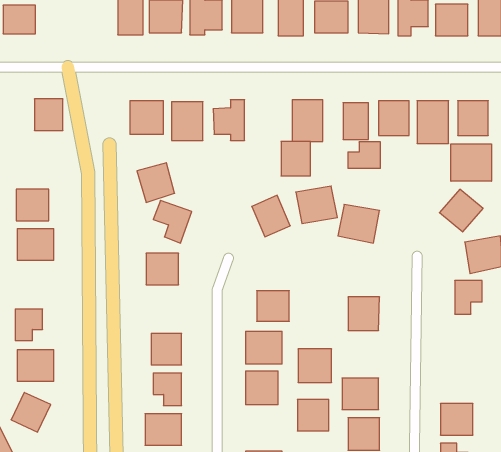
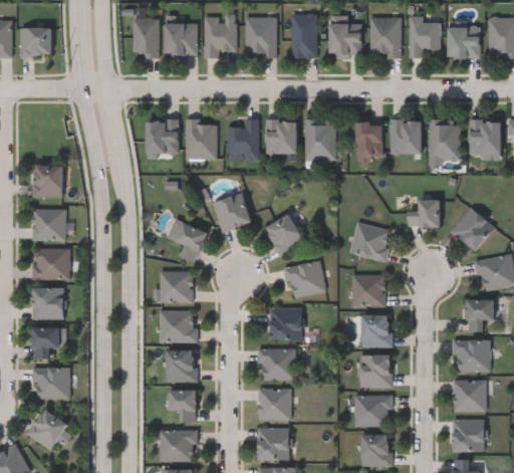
building: [34,99,63,130] -> [33,167,61,198]
building: [281,141,310,176] -> [266,122,295,156]
building: [348,142,380,168] -> [407,201,439,227]
building: [451,144,491,181] -> none
building: [137,163,175,202] -> [213,193,250,232]
building: [296,186,337,224] -> [285,261,326,298]
building: none -> [352,276,386,307]
building: none -> [31,286,64,319]
building: none -> [161,312,196,343]
building: none -> [454,340,490,374]
building: [298,349,332,382] -> [358,356,392,389]
building: none -> [453,381,486,412]
building: [297,399,329,431] -> [258,429,289,460]

